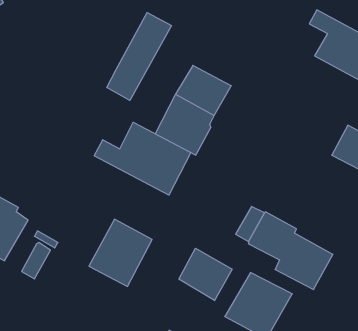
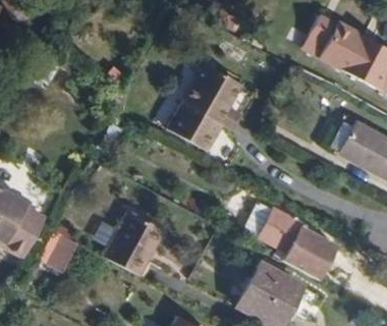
building: [107,13,171,100] -> none
building: [94,122,191,195] -> none
building: [179,248,232,301] -> none

